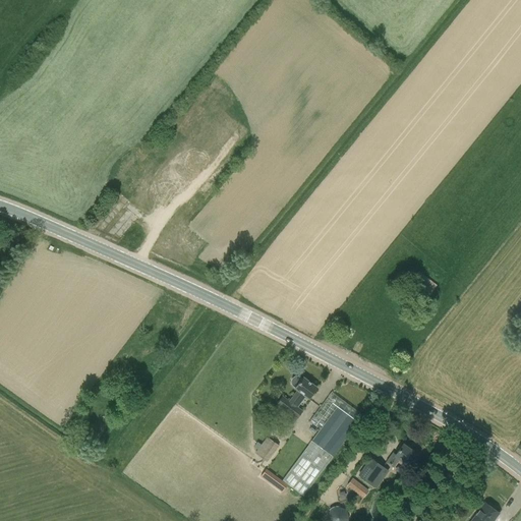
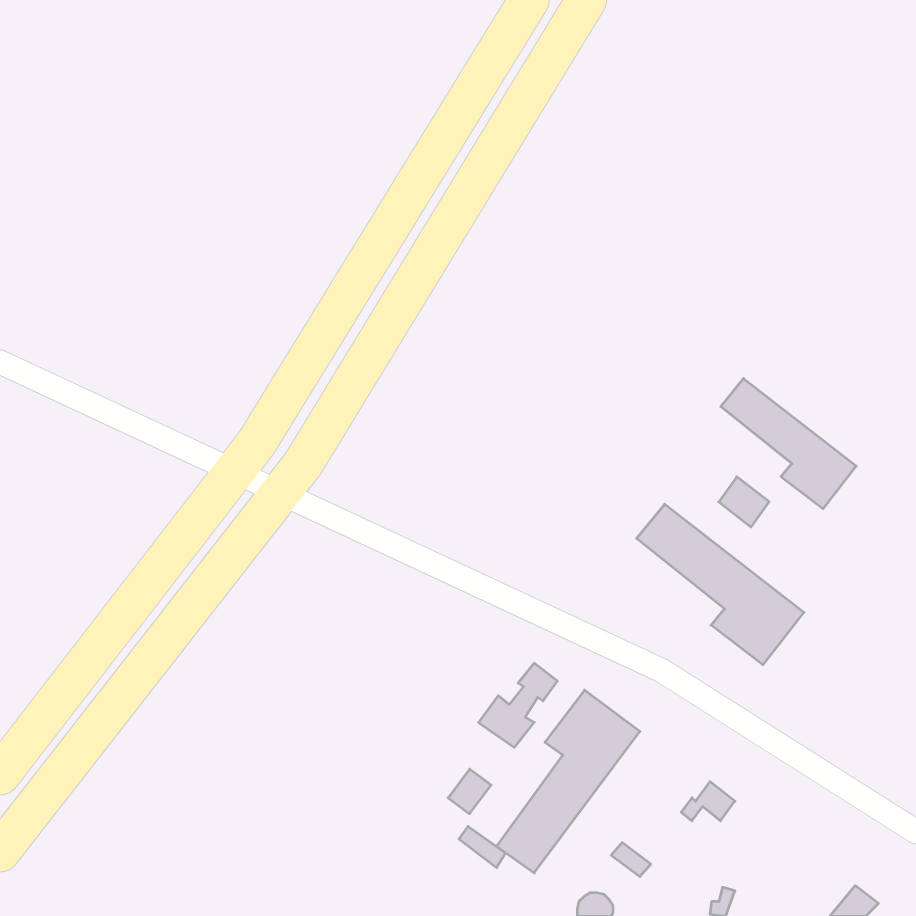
building: none -> [721,378,856,509]
building: none -> [637,504,804,665]
building: [358,457,389,488] -> none

